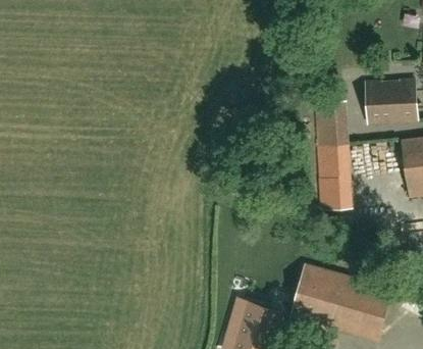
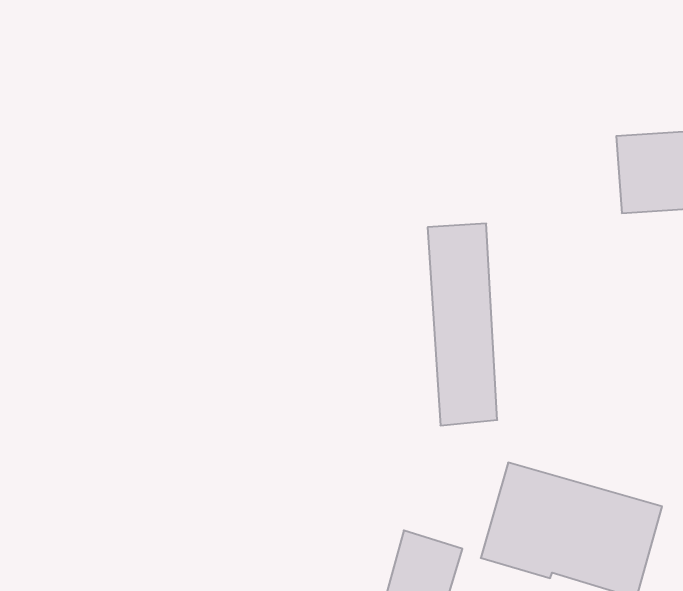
building: [312,98,351,210] -> [428,224,497,425]

